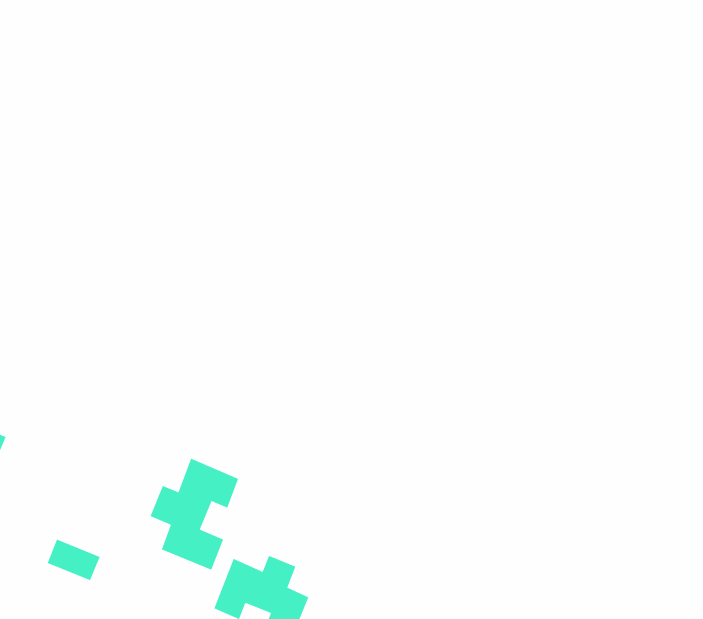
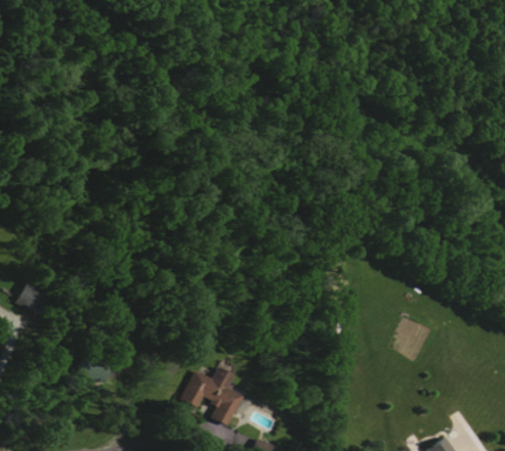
building: [150,458,239,570] -> none

